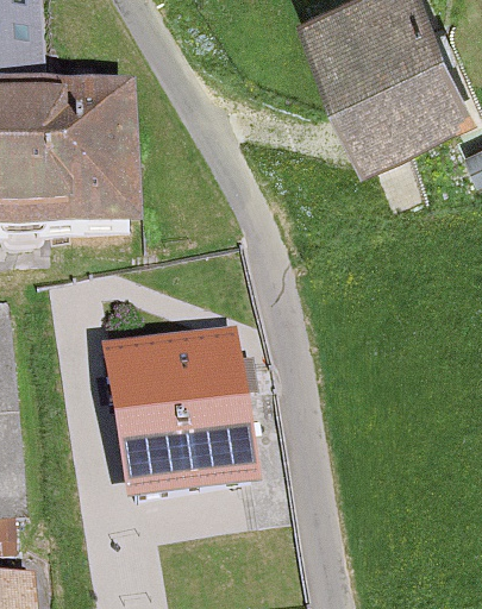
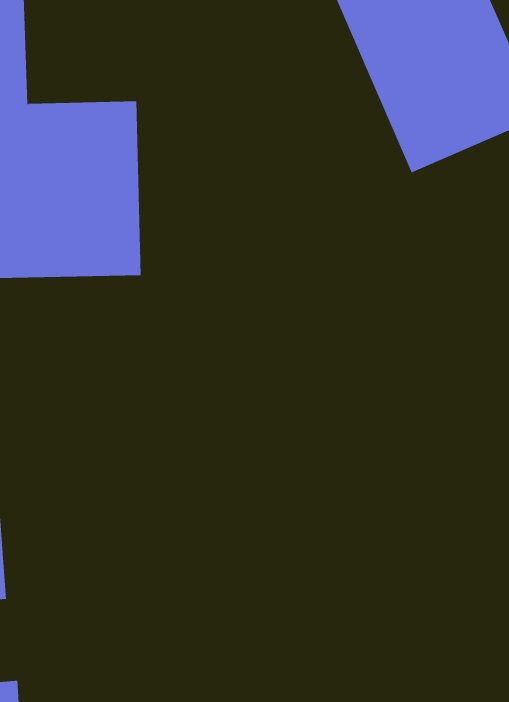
building: [102,326,251,492] -> none

